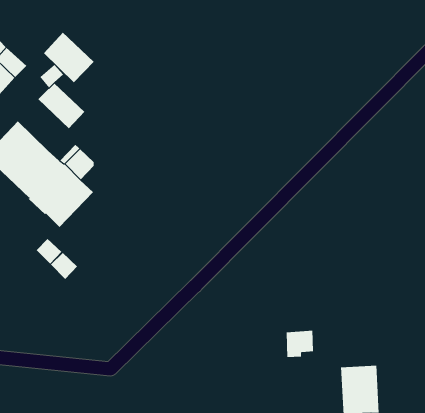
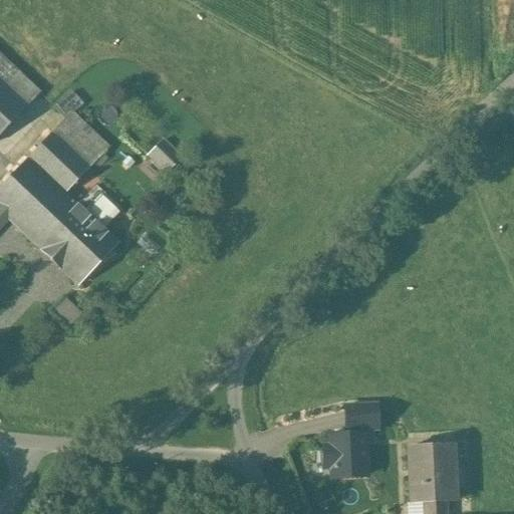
building: [43,32,94,83] -> [29,132,89,192]
building: none -> [149,139,182,171]
building: [50,252,78,280] -> none
building: none -> [323,435,365,477]

